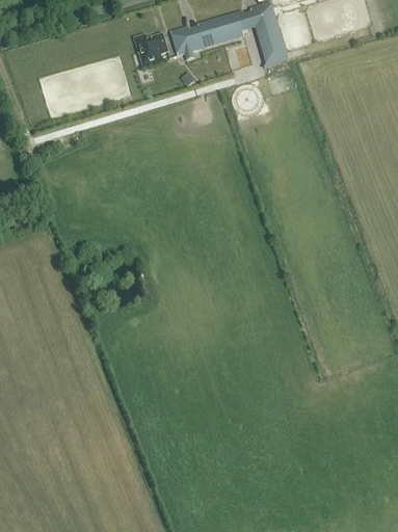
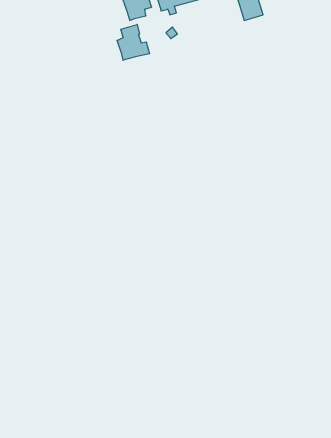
building: none -> [117,24,150,60]

